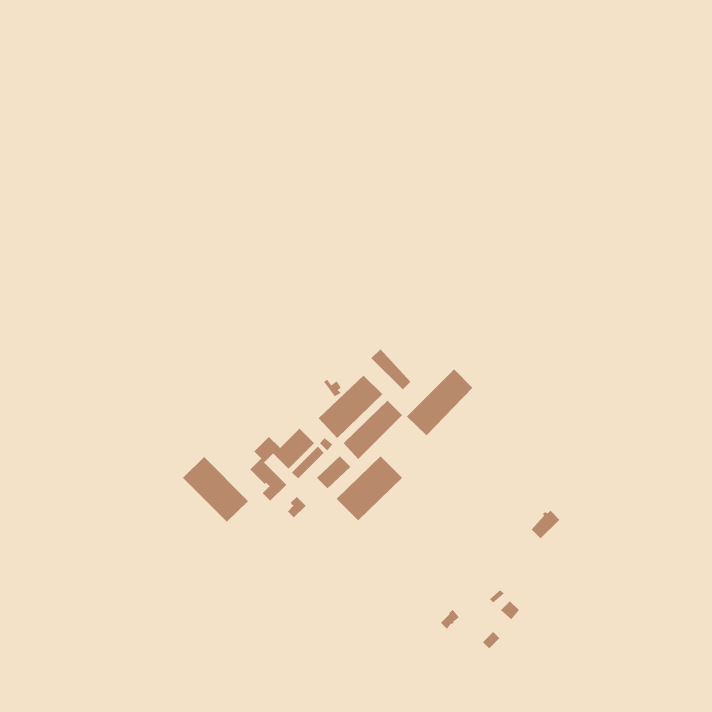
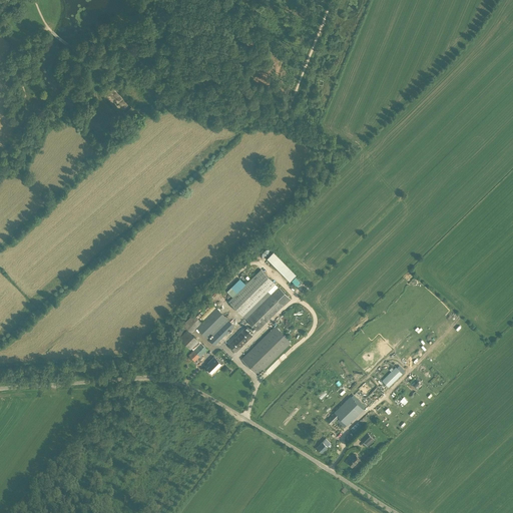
building: [406,368,473,436] -> none
building: [182,456,249,522] -> none
building: none -> [327,397,363,425]

